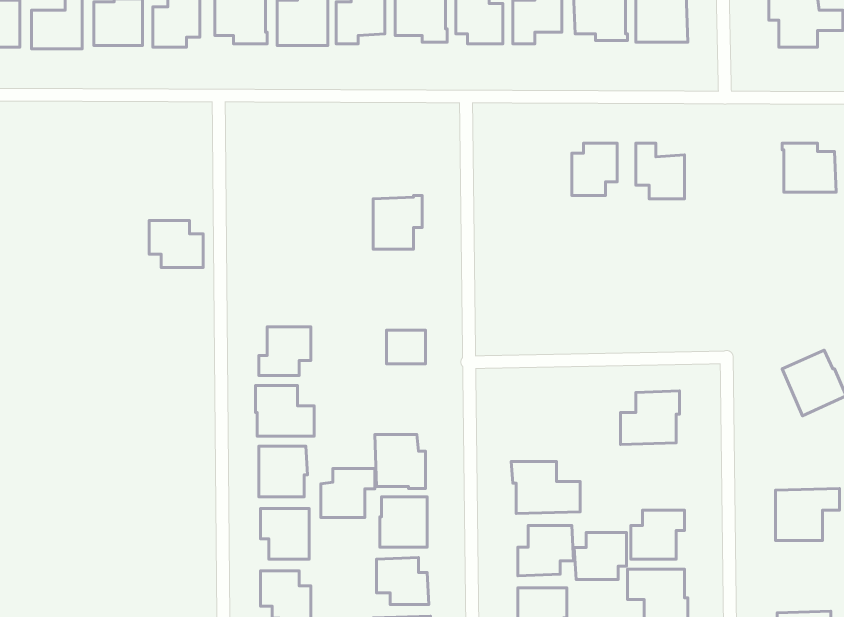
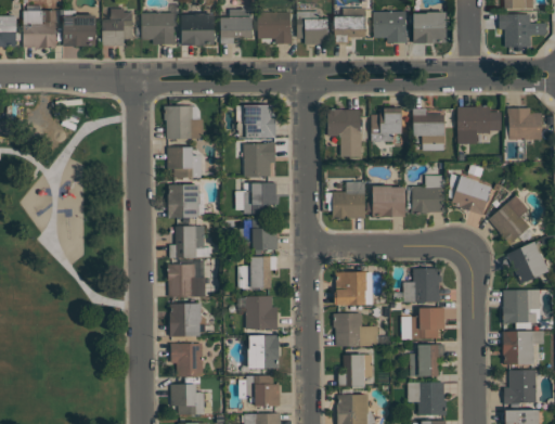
building: none -> [244,105,276,139]
building: none -> [165,106,193,140]
building: none -> [457,106,501,144]
building: none -> [327,110,360,145]
building: [149,220,203,268] -> [167,147,202,178]
building: none -> [451,176,491,215]
building: none -> [333,181,365,218]
building: none -> [244,183,276,214]
building: none -> [168,185,199,218]
building: none -> [372,187,405,217]
building: none -> [412,187,446,213]
building: none -> [488,195,529,244]
building: none -> [335,272,367,306]
building: none -> [503,290,541,323]
building: [321,469,375,517] -> [243,257,278,288]
building: [574,532,626,579] -> [411,308,444,338]
building: none -> [504,370,537,404]

